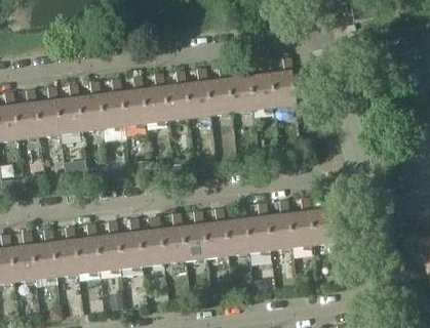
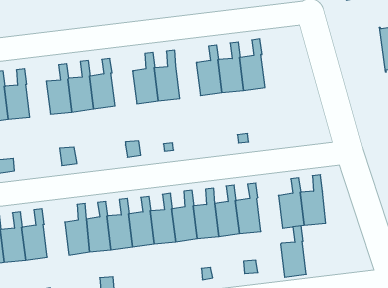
building: [271,56,297,107] -> none
building: [186,67,210,118] -> none
building: [121,75,147,125] -> none
building: [36,85,61,136] -> none
building: [267,199,292,250] -> [281,226,306,277]
building: [53,225,79,276] -> none

